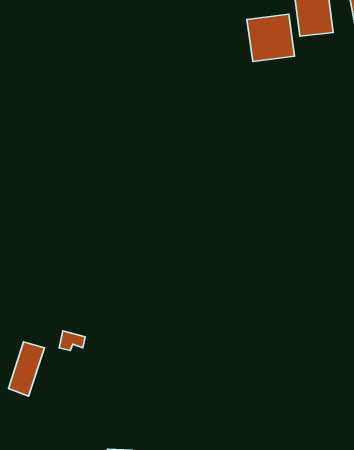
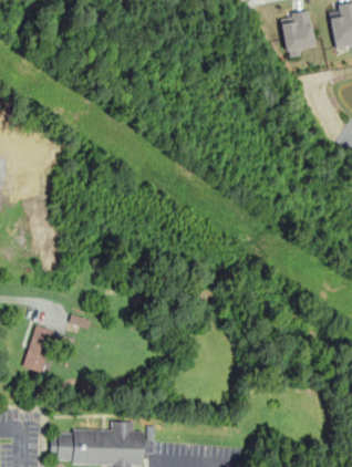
building: [247,14,294,61] -> none

